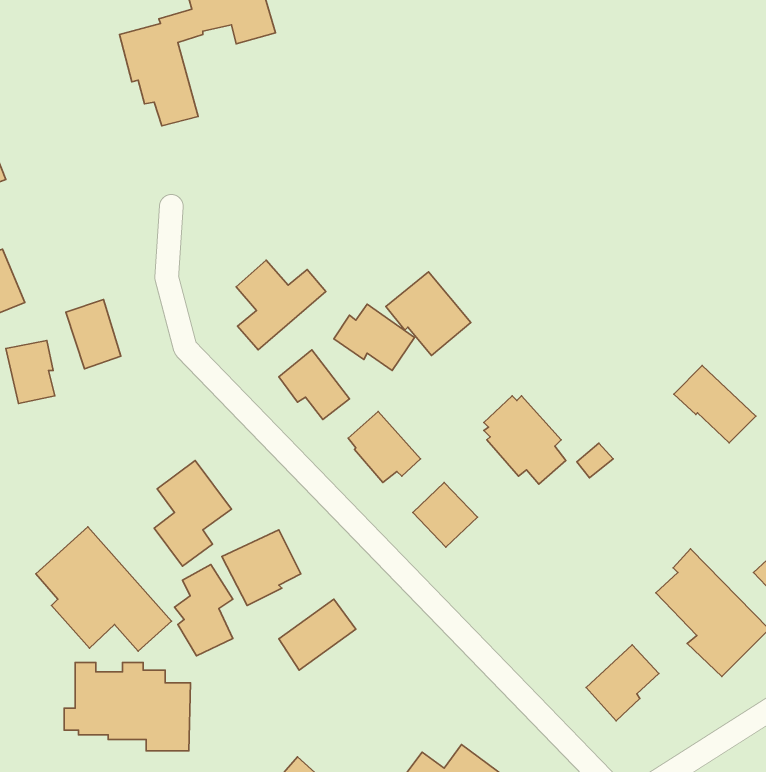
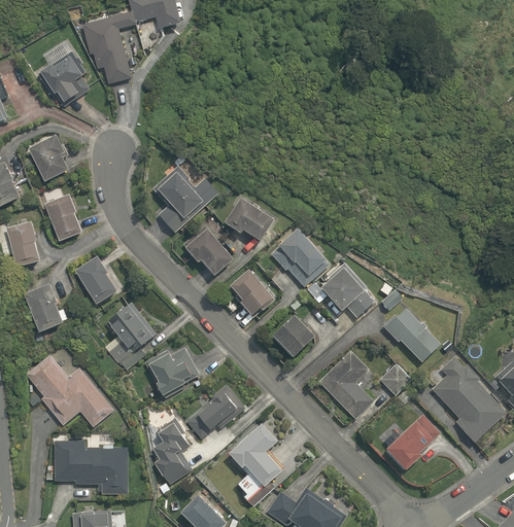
building: none -> [39,54,89,106]
building: none -> [30,137,69,183]
building: [386,272,471,355] -> [272,232,328,286]
building: [674,366,756,443] -> [385,310,439,360]
building: none -> [74,257,118,306]
building: none -> [26,285,67,332]
building: none -> [318,351,372,418]
building: none -> [379,361,412,394]
building: [175,564,233,656] -> [151,422,190,482]
building: none -> [230,424,282,500]

